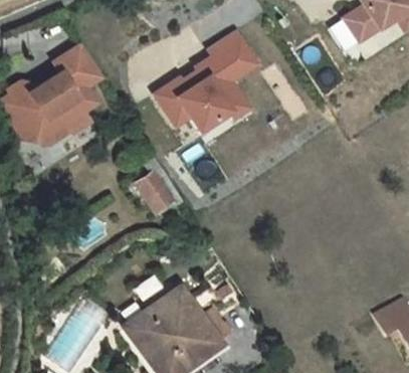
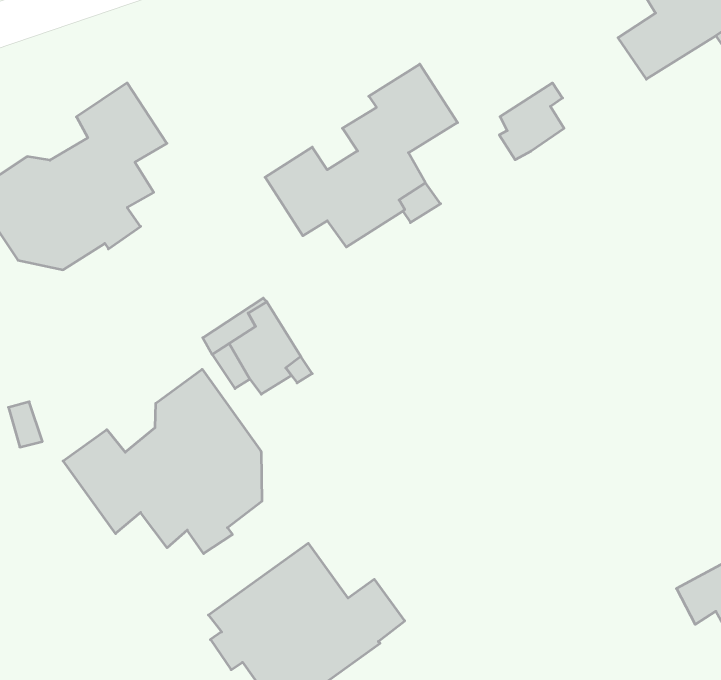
building: none -> [499,83,564,160]
building: none -> [63,369,262,554]

